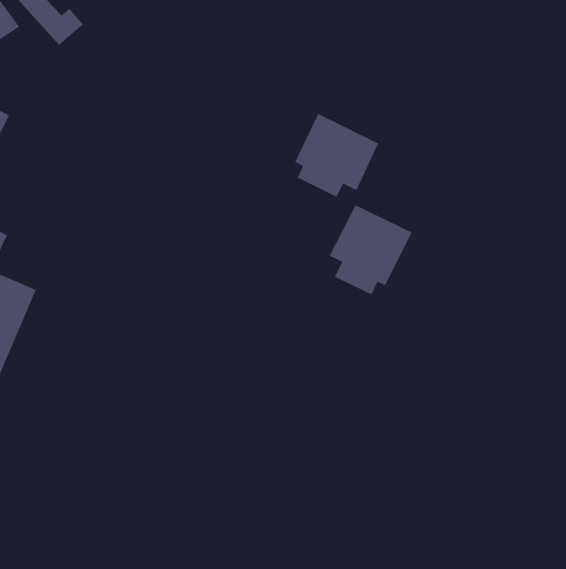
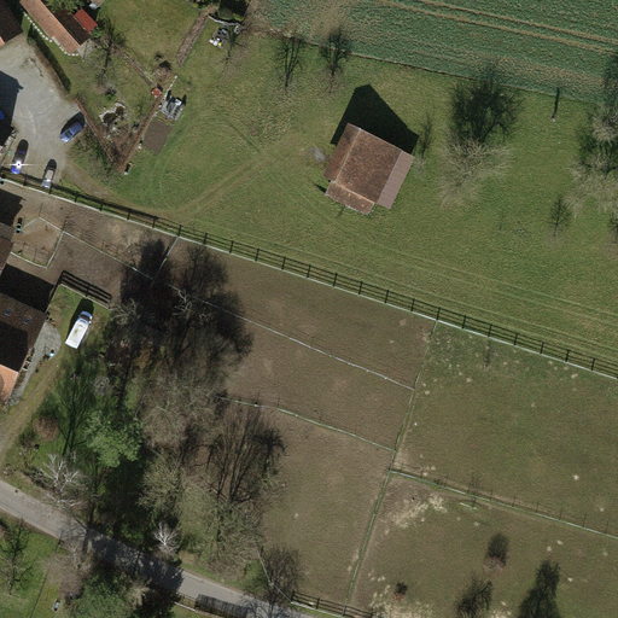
building: [328,204,413,295] -> none

